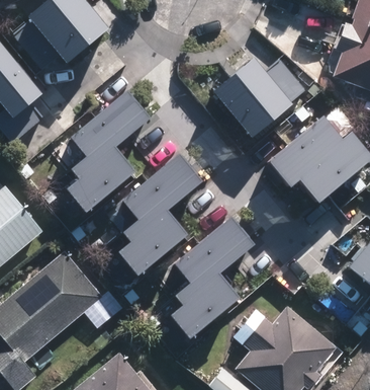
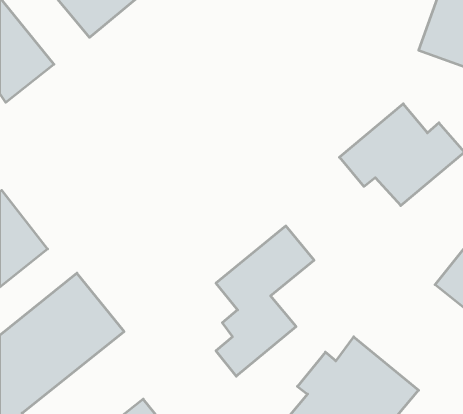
building: [215,48,305,136] -> none
building: [69,92,147,211] -> none
building: [119,156,198,275] -> none

